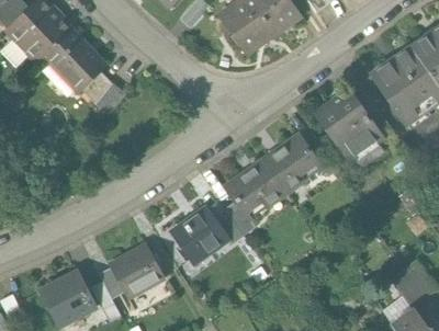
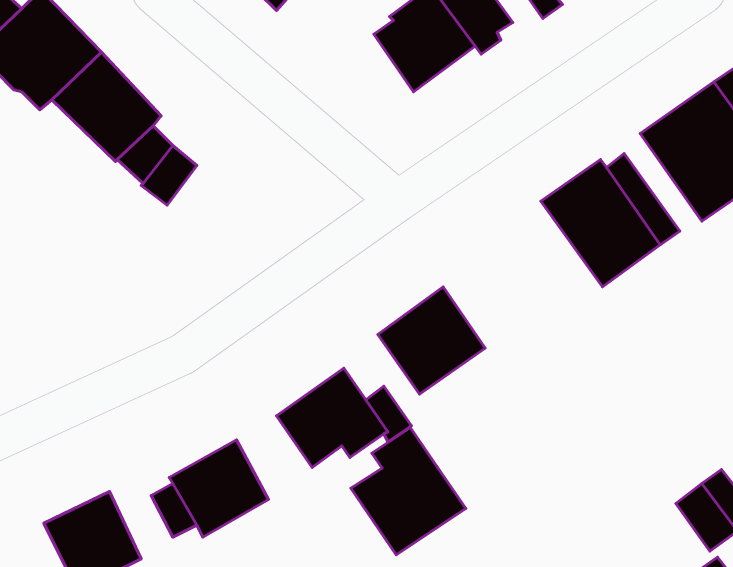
building: [261,135,322,194] -> none
building: none -> [351,427,466,555]

